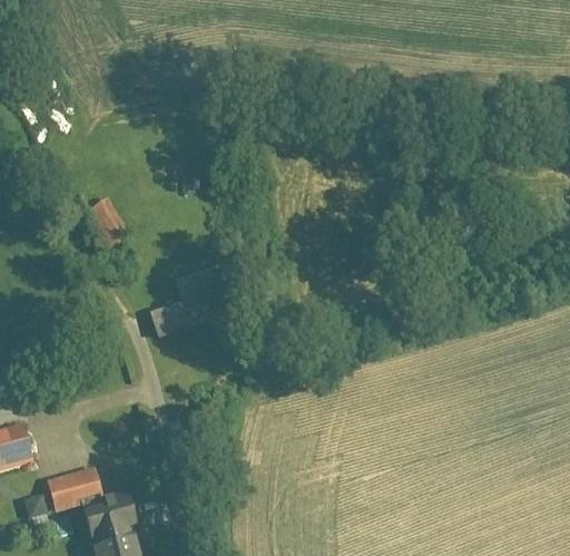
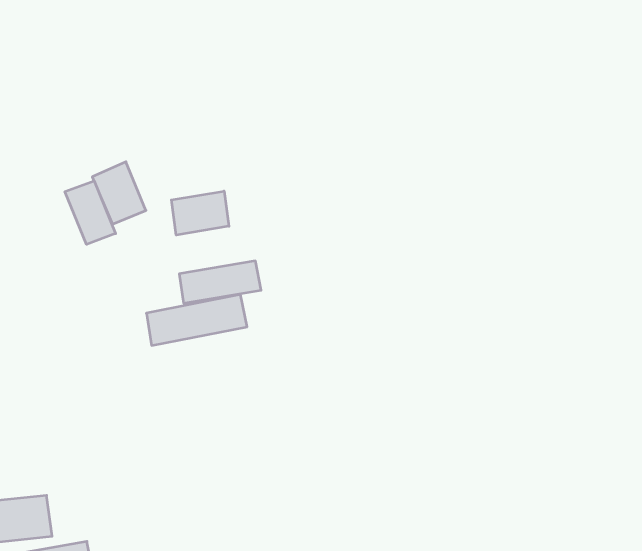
building: none -> [171,191,229,235]
building: none -> [65,181,116,244]

